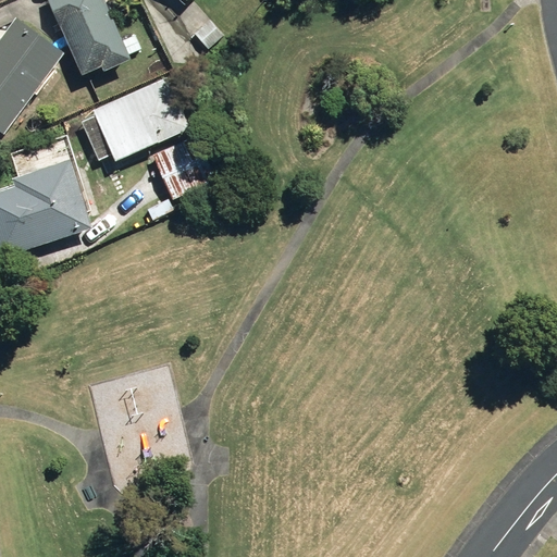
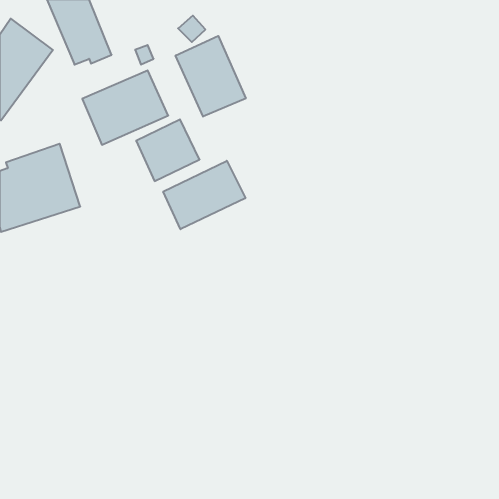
building: none -> [176,36,246,117]
building: none -> [163,161,245,229]

